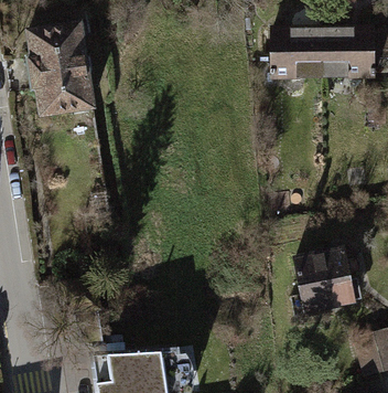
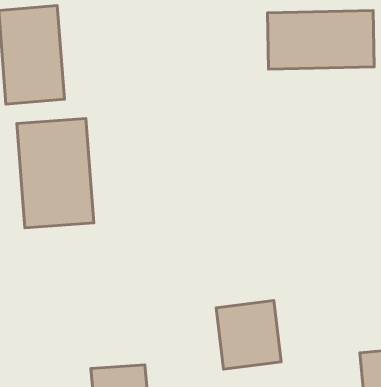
building: none -> [17,119,94,228]
building: [295,249,355,312] -> [216,300,281,369]

